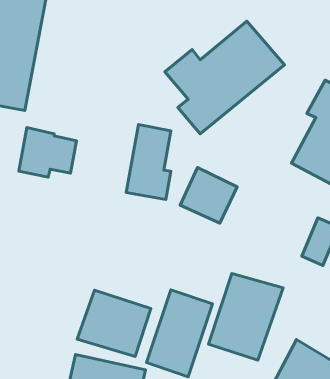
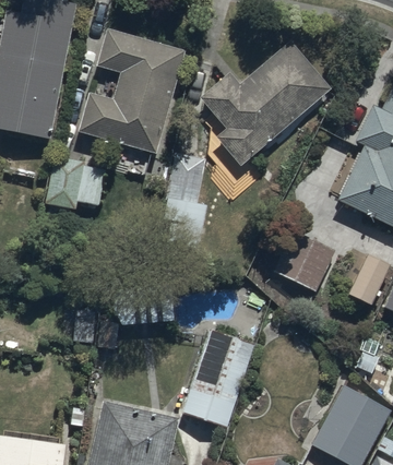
building: none -> [80,27,184,153]
building: [180,168,237,223] -> [274,230,335,290]
building: [208,274,283,360] -> none
building: [77,290,151,356] -> none

